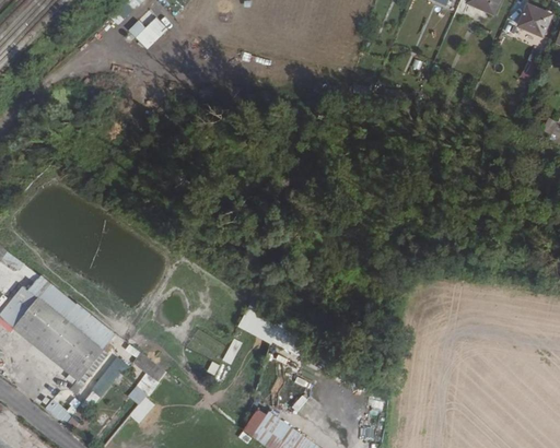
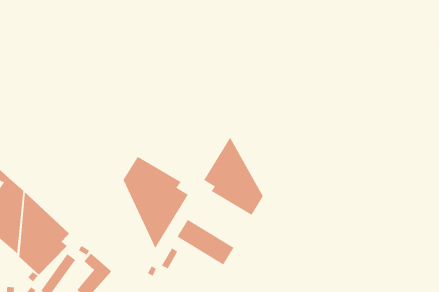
building: none -> [203,136,264,216]
building: none -> [122,156,189,250]

